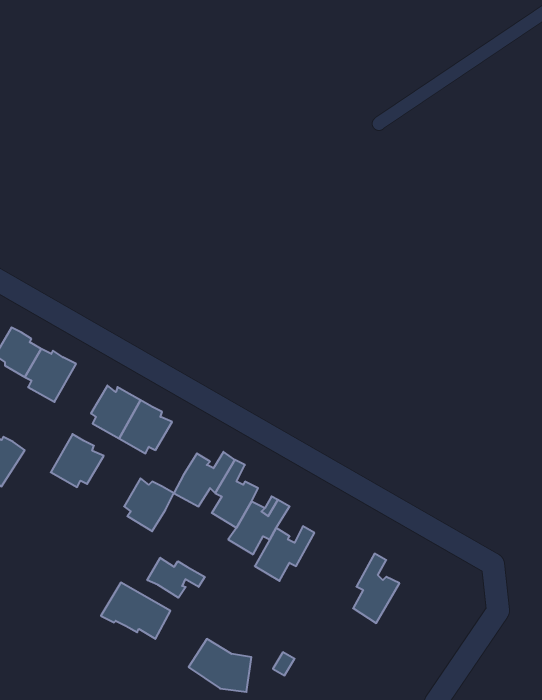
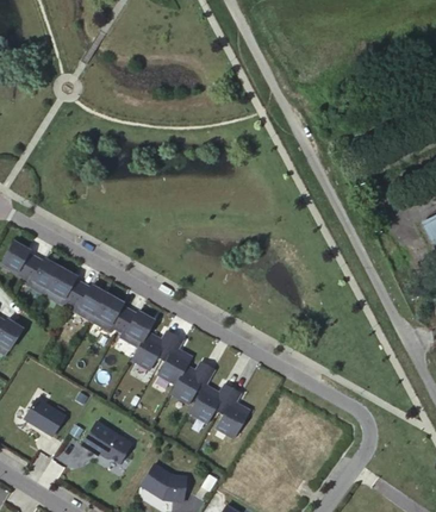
building: [51,434,104,487] -> [44,266,82,304]
building: [124,478,174,531] -> [117,307,152,345]
building: none -> [23,397,64,435]
building: [353,554,399,623] -> [216,387,249,437]
building: [147,558,205,598] -> none

